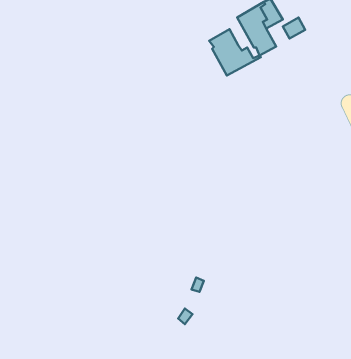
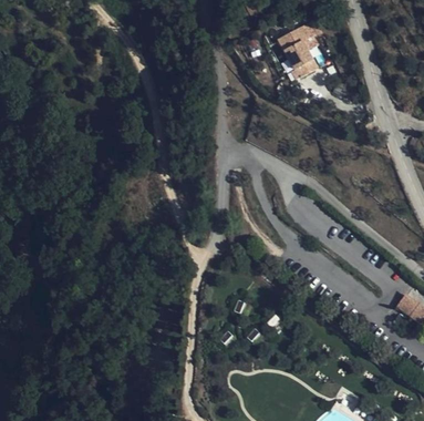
building: [209,29,261,75] -> none

